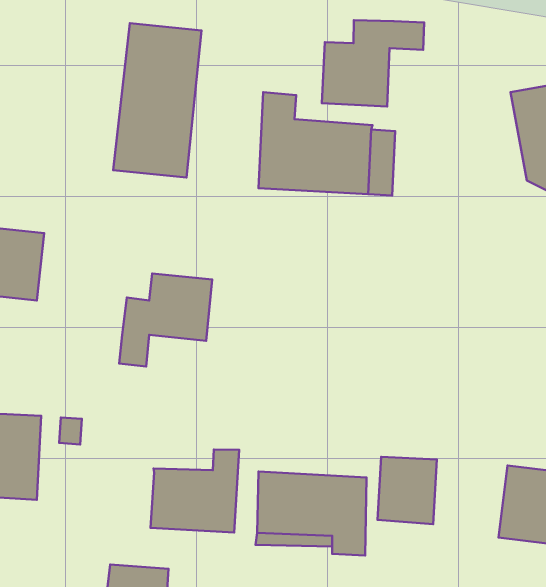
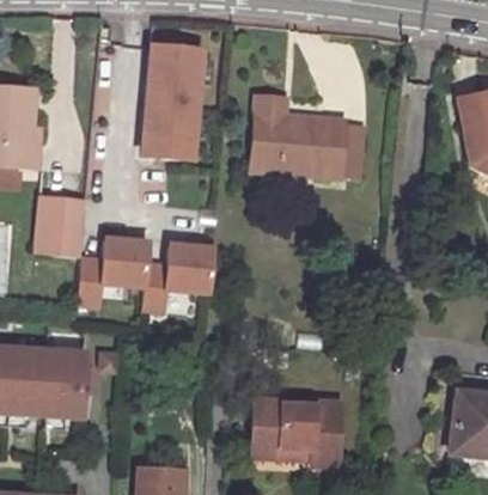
building: [322,20,424,106] -> none
building: none -> [75,234,152,308]
building: [151,449,239,533] -> none
building: [378,457,437,524] -> none

